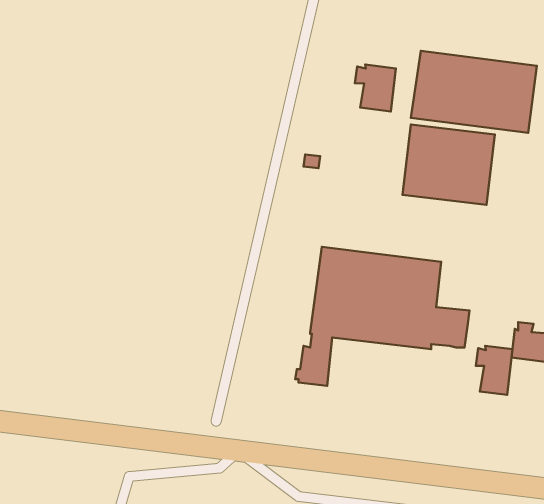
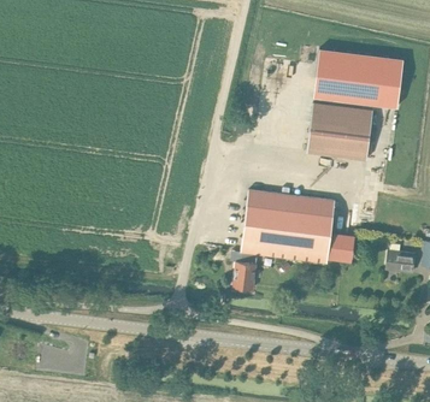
building: [355,65,396,111] -> none
building: [476,346,512,395] -> none

